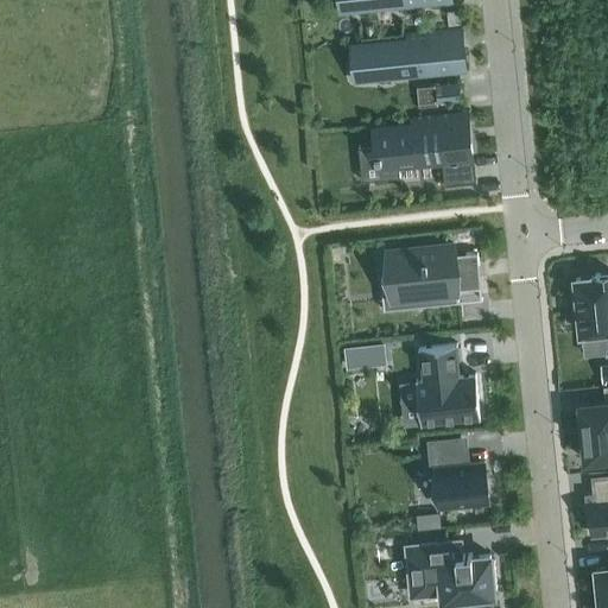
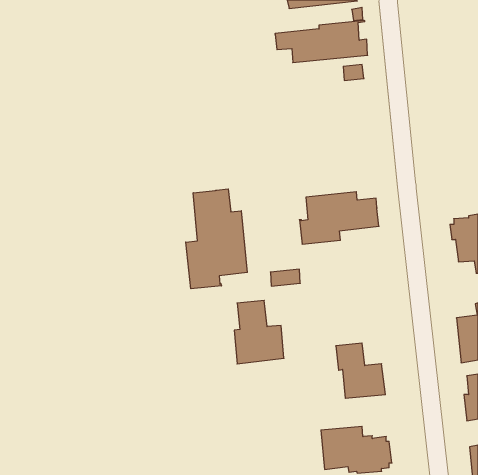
building: [370,114,476,189] -> none
building: none -> [186,189,247,289]
building: [417,347,480,428] -> [234,300,284,364]

